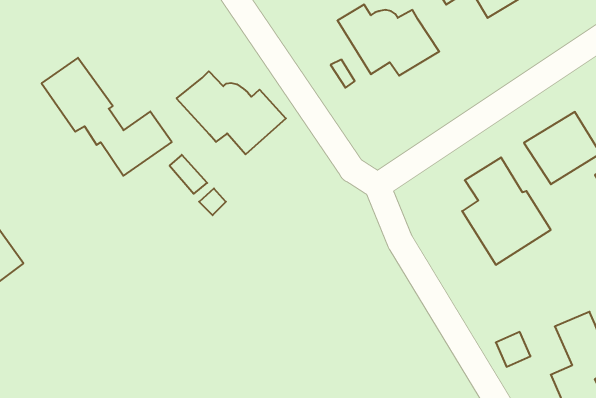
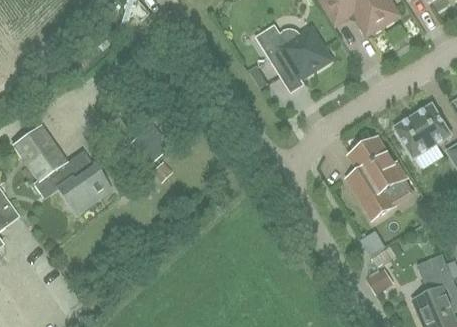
building: [42,58,172,176] -> [13,126,110,214]
building: [177,71,286,154] -> none

